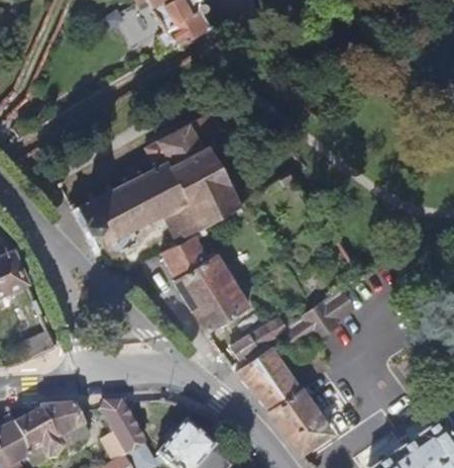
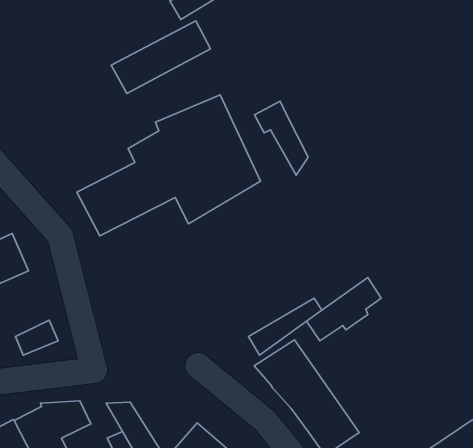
building: none -> [111,21,210,94]
building: none -> [255,101,308,175]
building: [161,236,248,332] -> none

